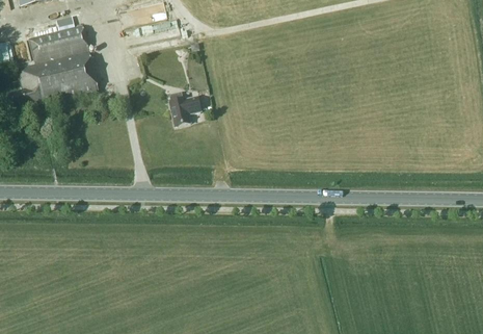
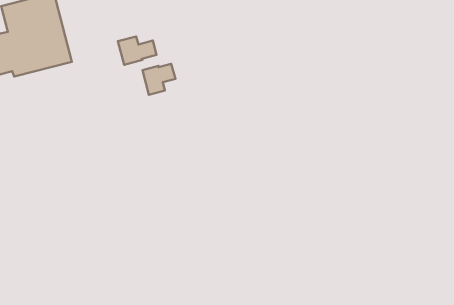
building: none -> [118,36,156,65]

